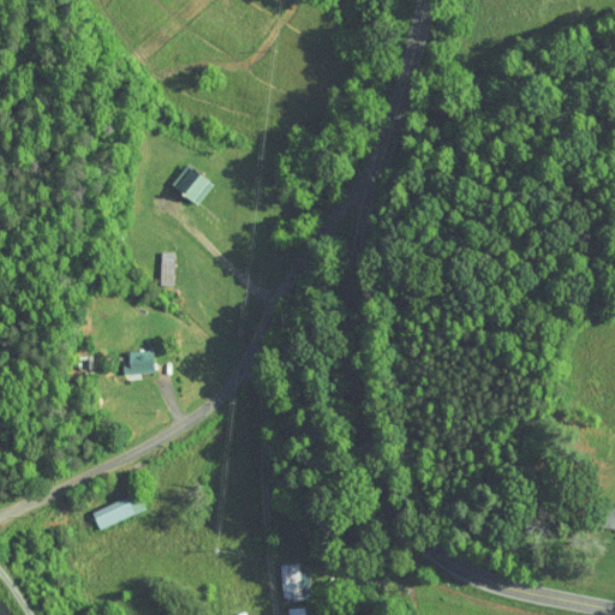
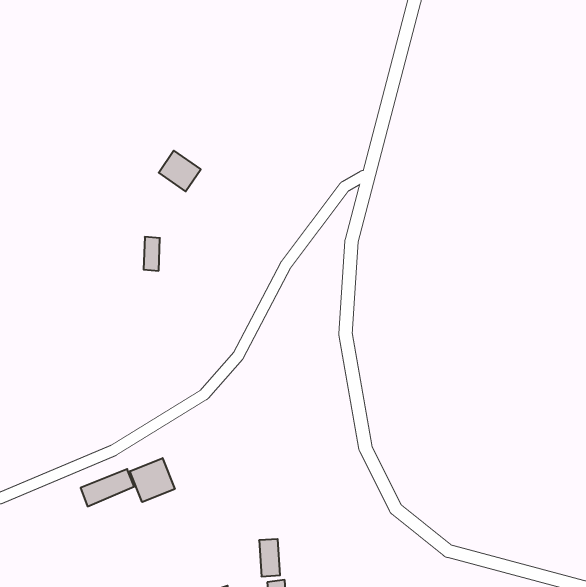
building: [125,352,160,375] -> none
building: none -> [130,458,175,502]

